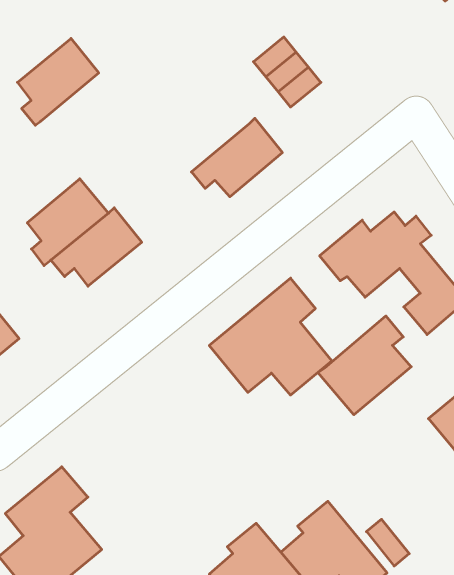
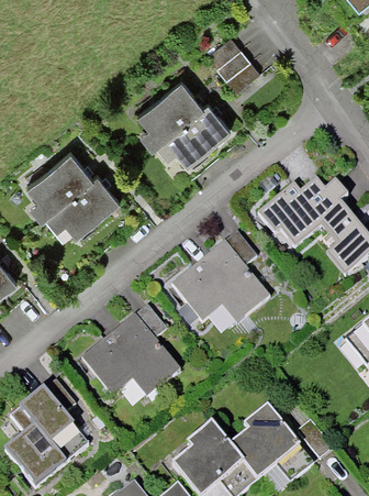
building: [17,38,99,125] -> [138,78,203,147]
building: [318,316,411,415] -> none
building: none -> [80,304,178,397]

